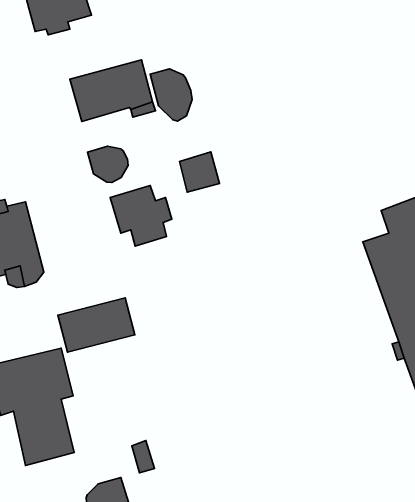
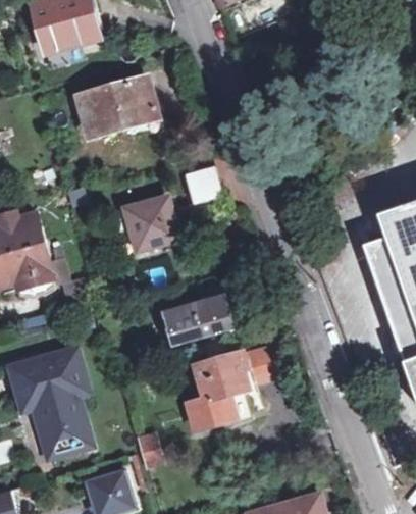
building: [150,69,192,121] -> none
building: [87,146,128,183] -> none
building: [58,298,135,352] -> [165,295,238,346]
building: none -> [191,349,285,429]

